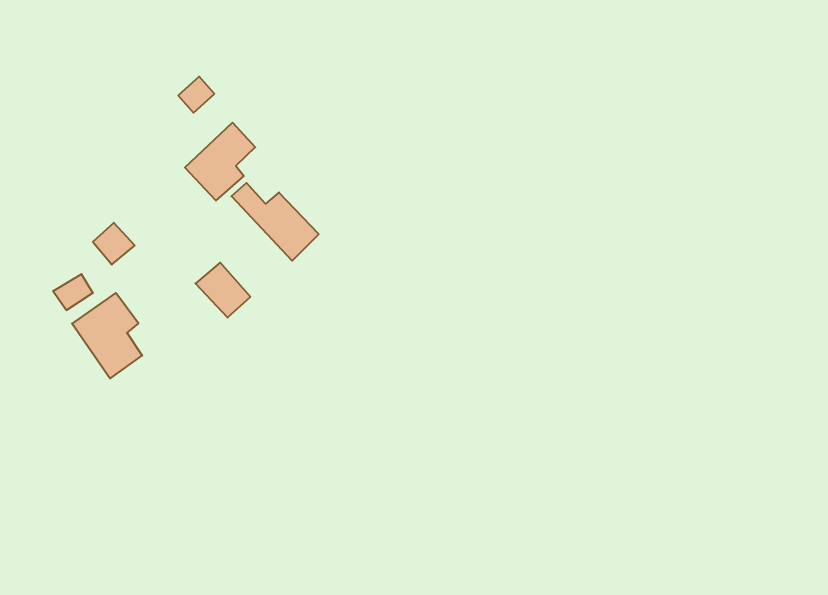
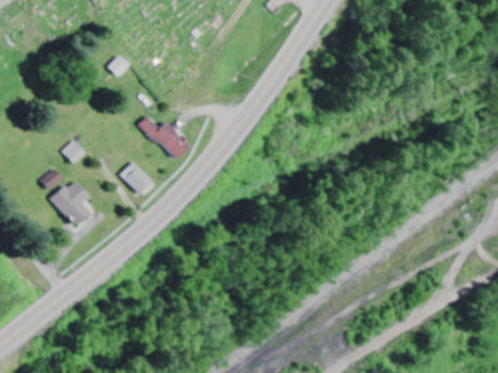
building: [185,123,255,201] -> none

